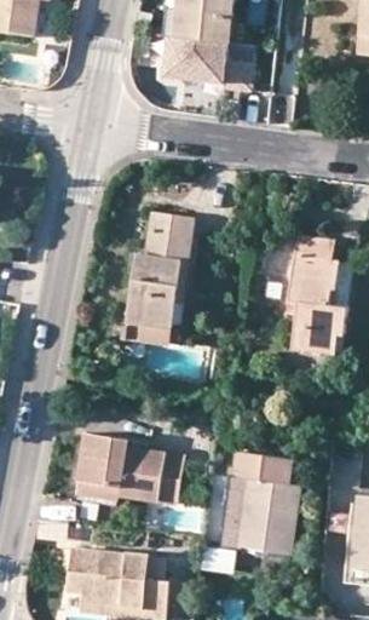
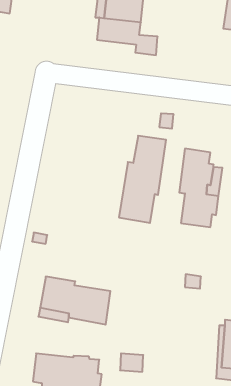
building: [122,209,194,341] -> [119,136,166,223]
building: [215,446,301,551] -> none

